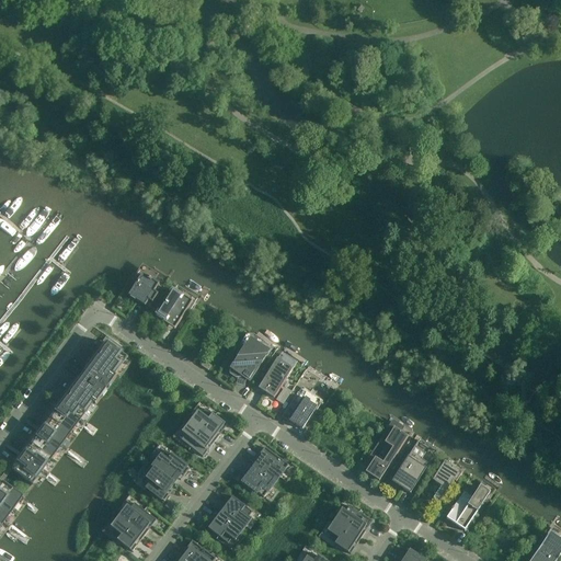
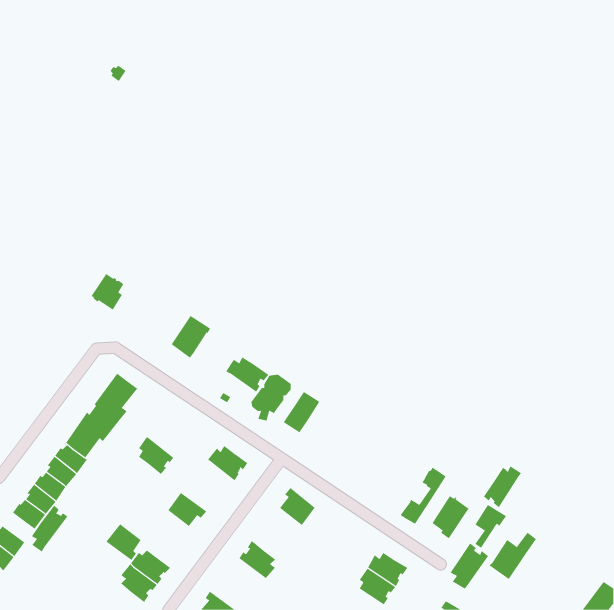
building: [127,272,158,306] -> [90,273,124,311]
building: none -> [225,357,269,392]
building: [284,394,316,426] -> none
building: [181,419,214,454] -> [138,436,174,475]
building: none -> [483,466,522,508]
building: none -> [31,505,68,552]
building: [239,462,275,494] -> none
building: [139,465,172,499] -> [105,523,141,561]
building: none -> [450,542,489,589]
building: [205,508,242,540] -> none

